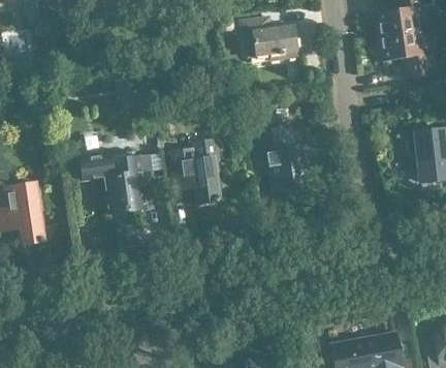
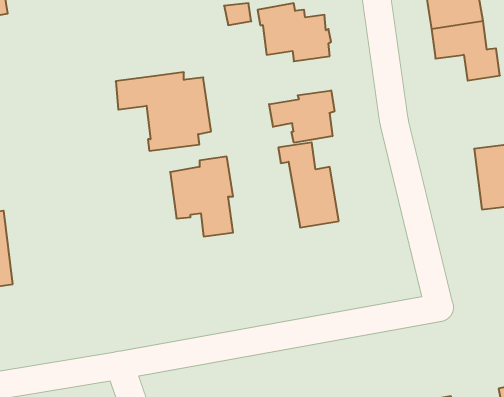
building: none -> [269,90,334,143]
building: [81,152,157,215] -> [116,72,211,151]

